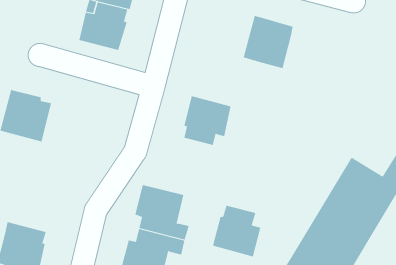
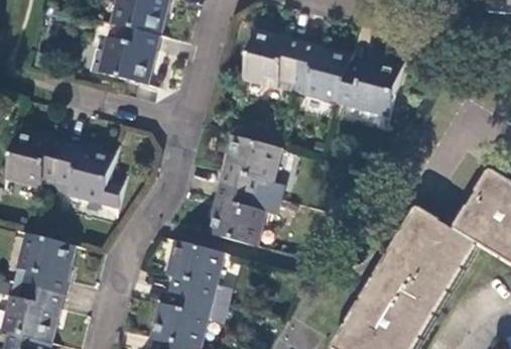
building: none -> [242,27,304,90]
building: none -> [339,57,400,117]
building: none -> [56,143,125,206]
building: none -> [15,232,78,294]
building: [212,205,261,257] -> [206,184,263,244]

